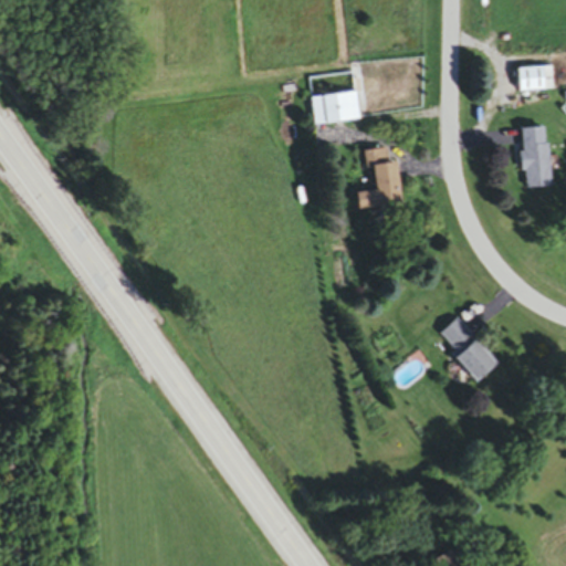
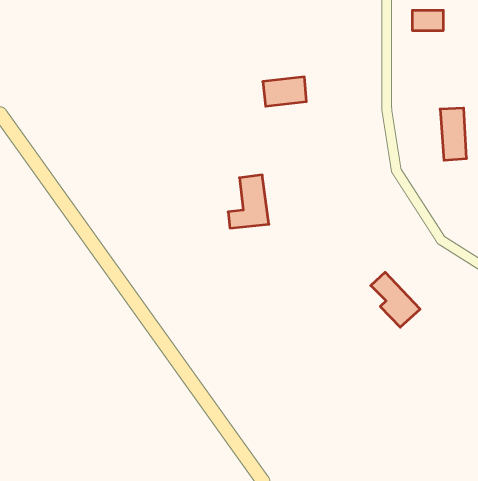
building: [518,65,555,88] -> [412,10,443,30]
building: [355,146,402,208] -> [228,175,269,228]

